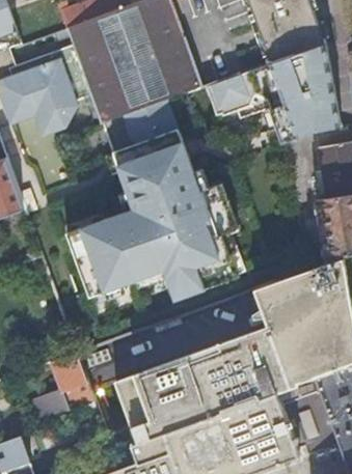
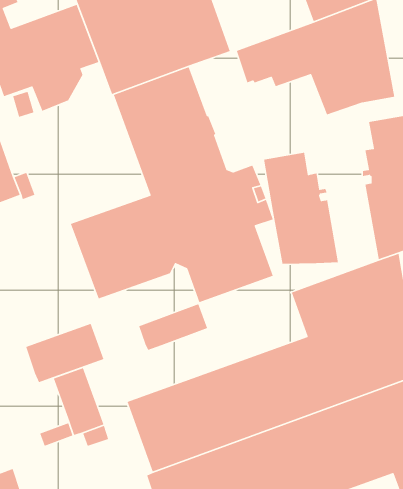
building: none -> [263,152,339,265]
building: none -> [138,303,208,351]
building: none -> [25,323,104,383]

